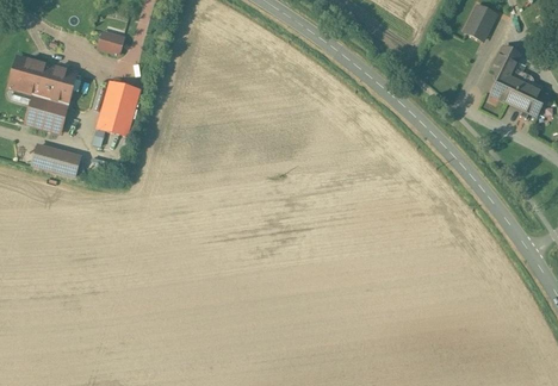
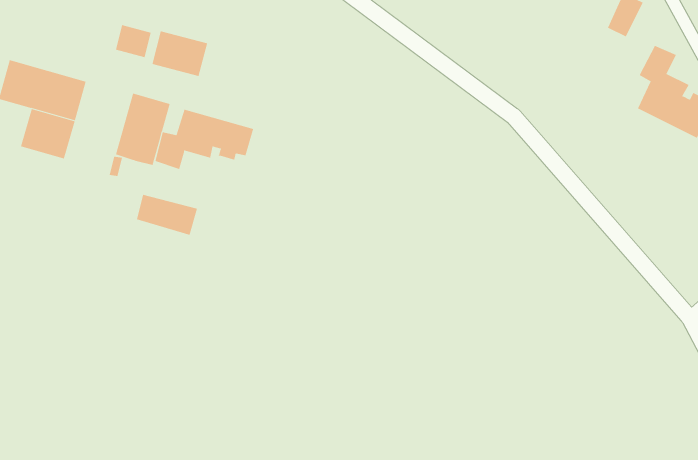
building: none -> [152,30,208,77]
building: none -> [155,109,254,170]
building: [32,145,79,176] -> [136,194,198,235]

